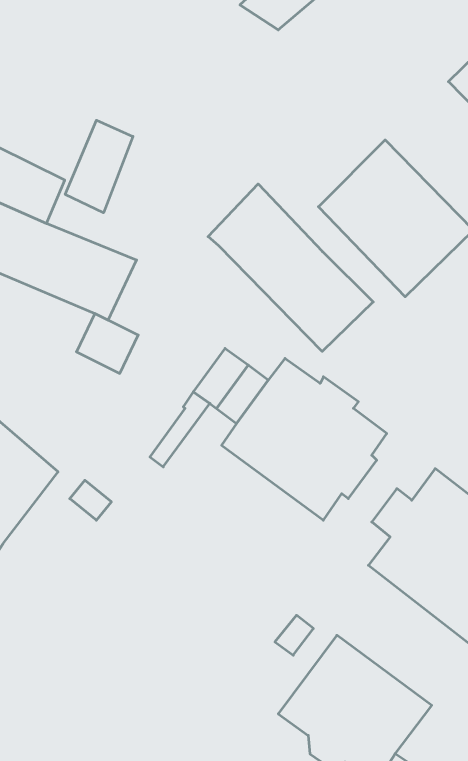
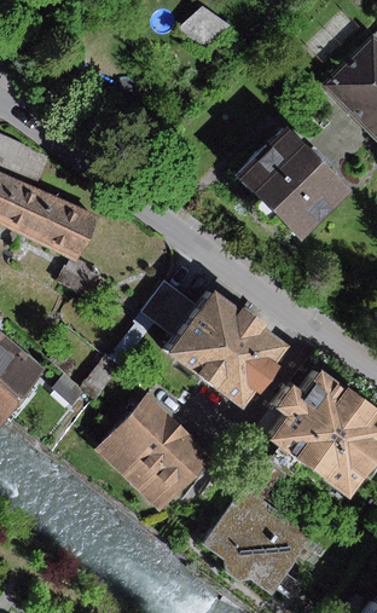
building: [65,120,133,213] -> none
building: [208,184,373,351] -> none
building: none -> [102,398,214,509]

